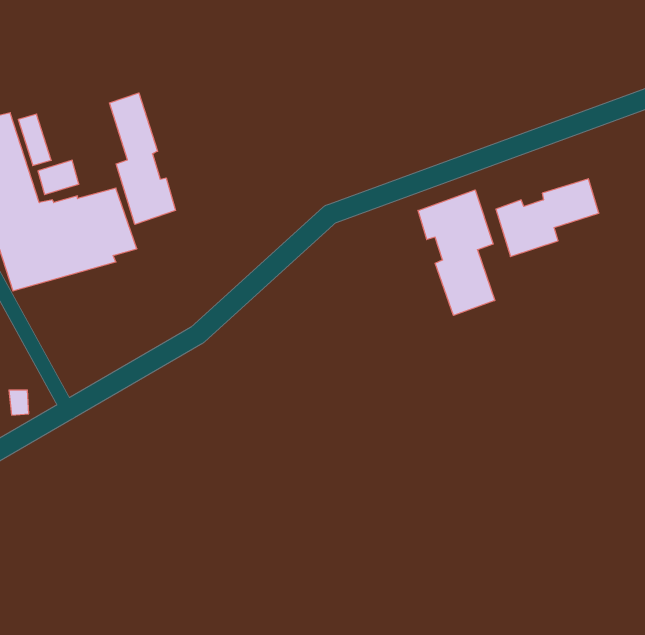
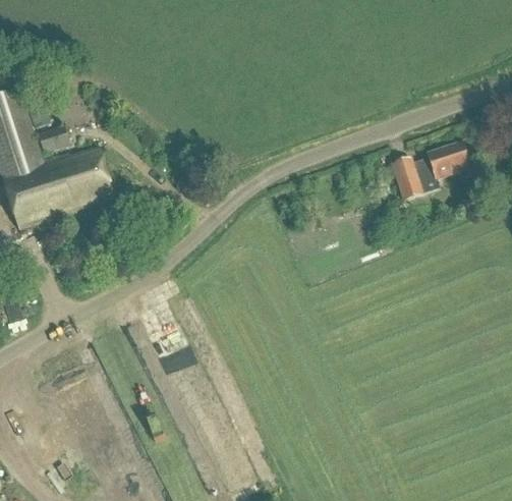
building: [110,93,175,224] -> none
building: [418,190,495,315] -> none

